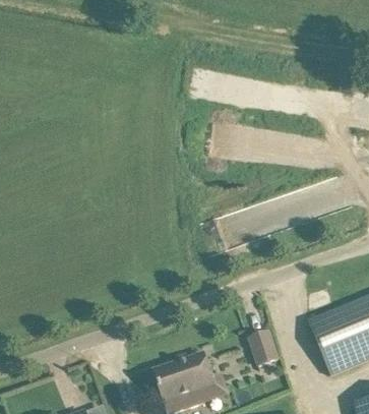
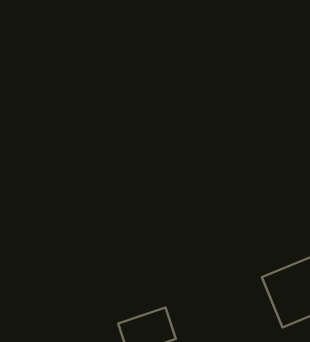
building: [249,331,279,364] -> none

